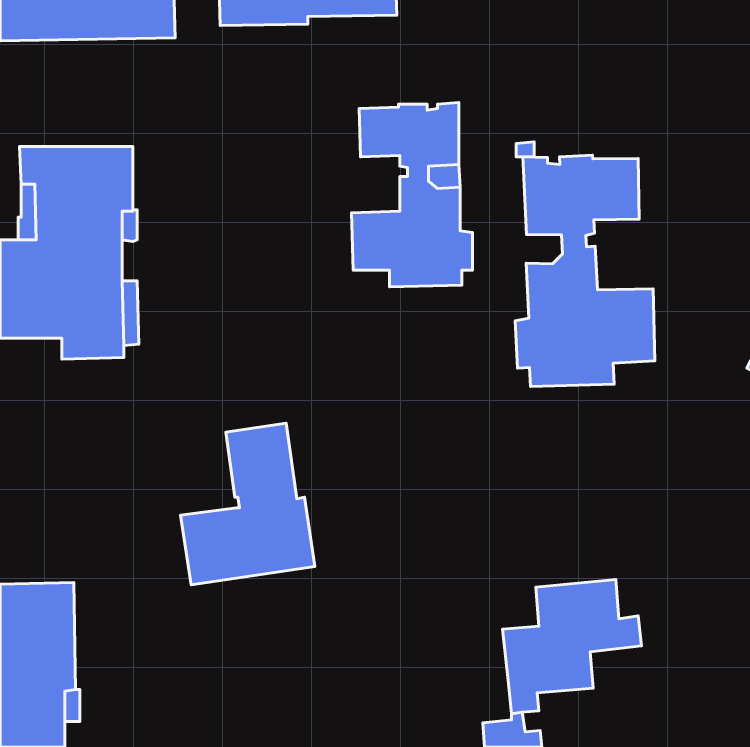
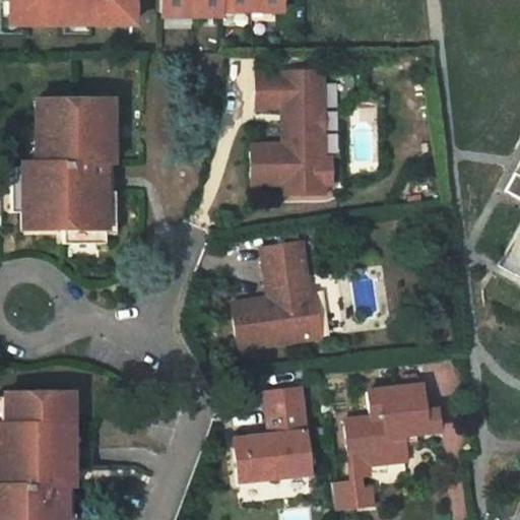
building: [515,155,655,386] -> none
building: [181,423,315,585] -> [232,243,322,351]
building: none -> [232,391,314,484]

